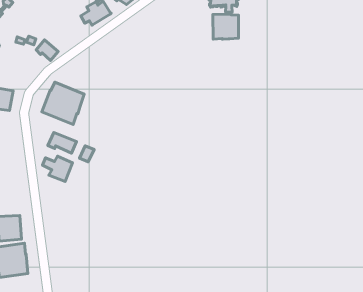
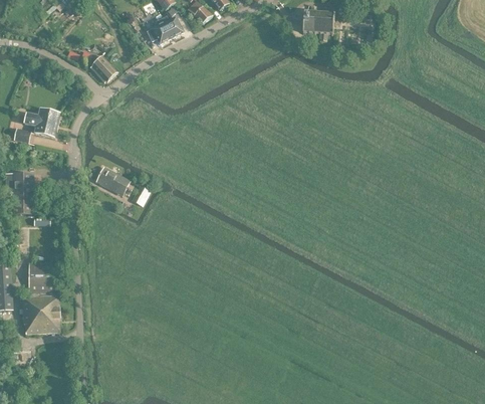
building: [213,14,239,39] -> none
building: [42,82,84,124] -> none
building: [42,156,73,182] -> none

